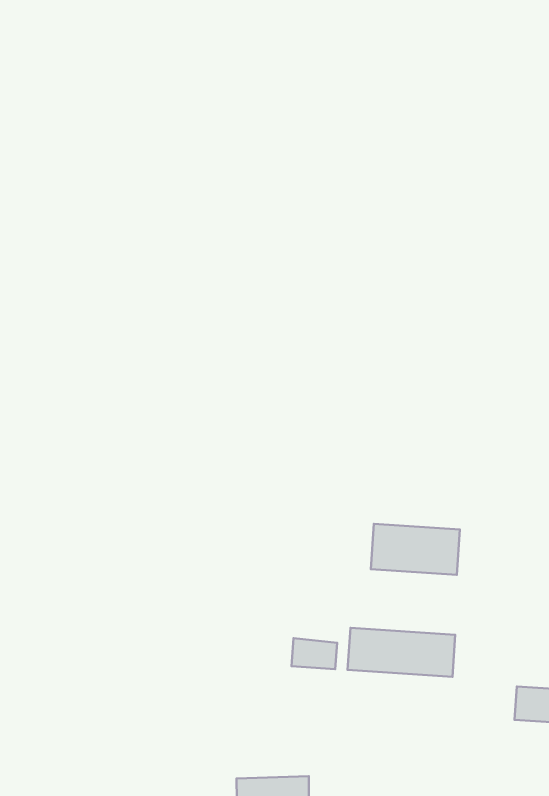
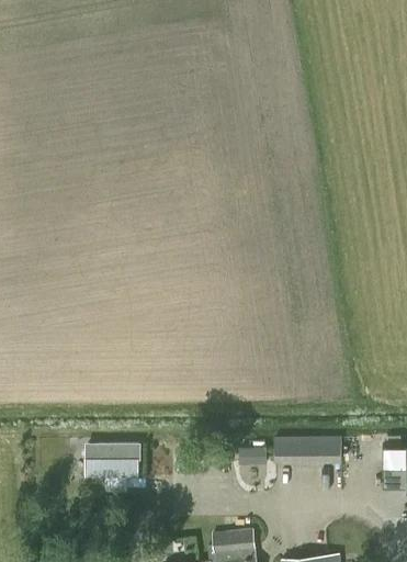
building: [371,524,460,575] -> none
building: none -> [84,443,139,477]

